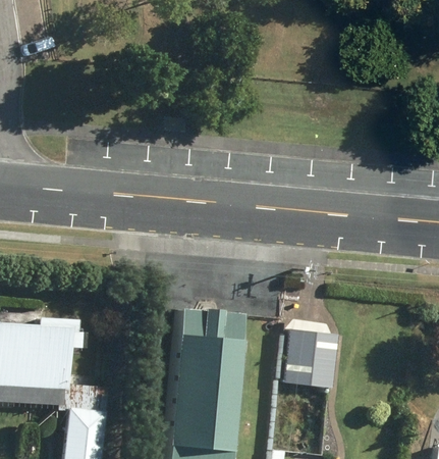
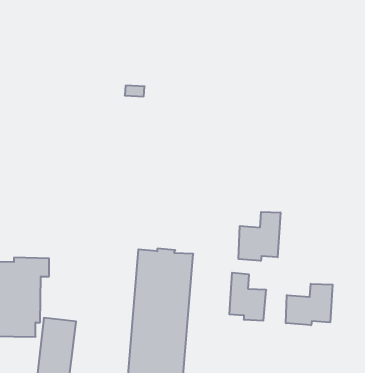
building: none -> [239,212,280,261]
building: none -> [286,284,333,325]

